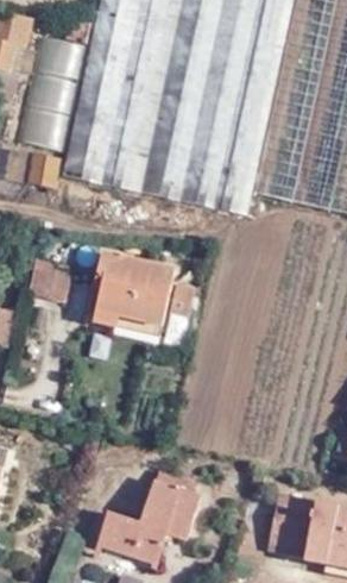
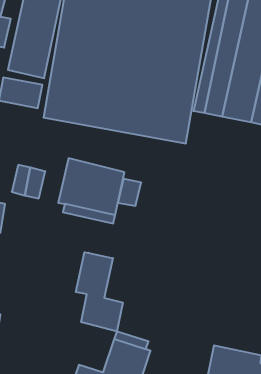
building: none -> [76,252,123,331]

